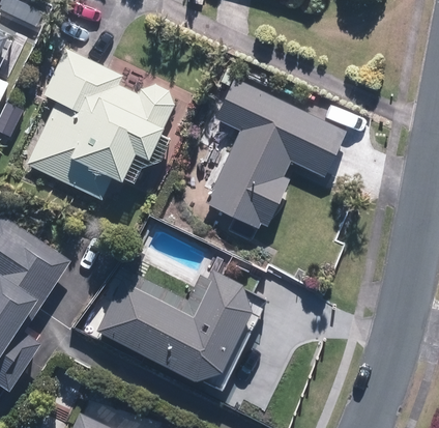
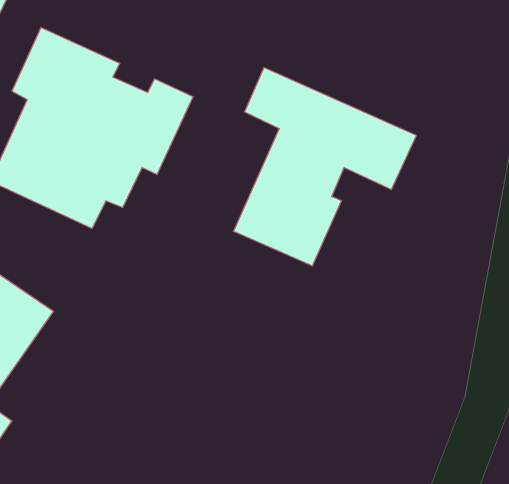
building: [100,272,252,381] -> none

